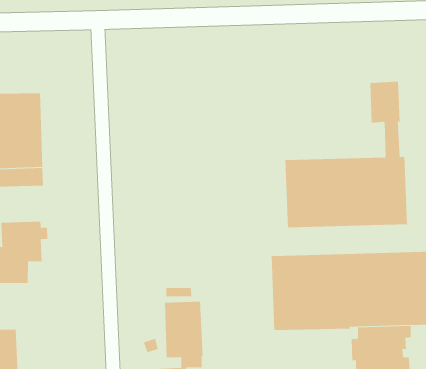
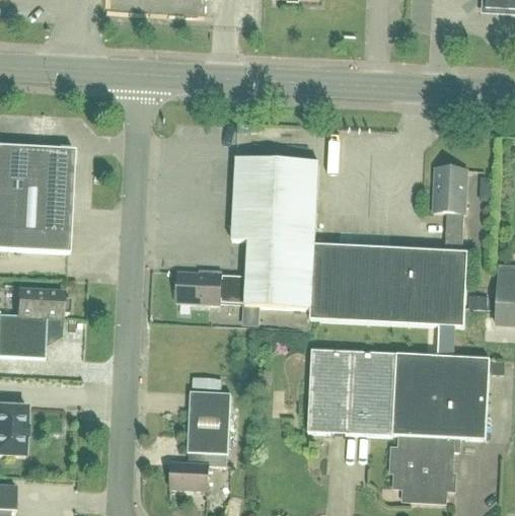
building: none -> [176,156,335,319]

